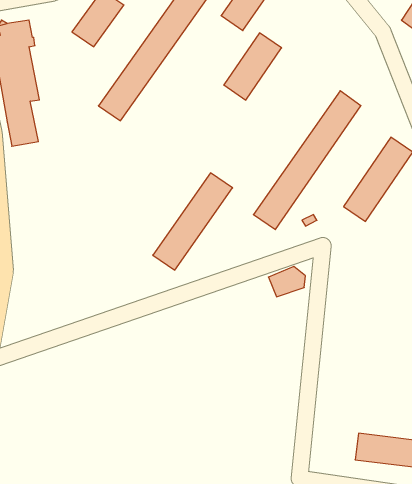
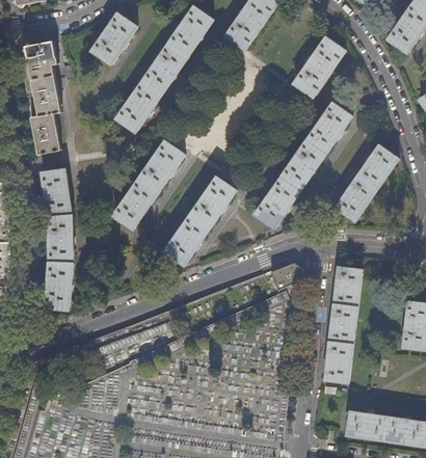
building: [224,33,282,100] -> [292,37,344,98]
building: none -> [112,141,184,230]
building: none -> [42,168,72,311]
building: none -> [323,268,361,382]

